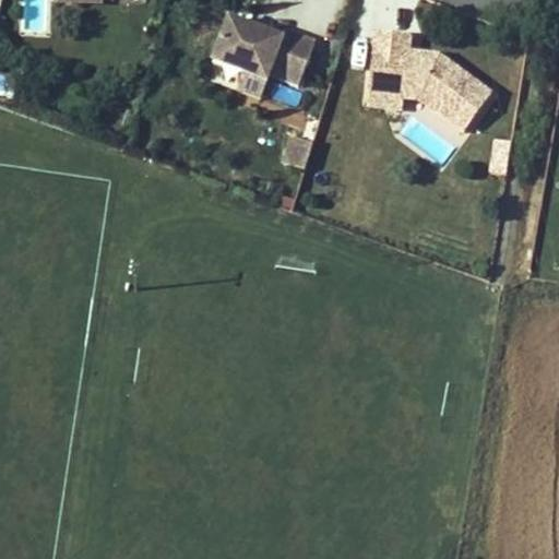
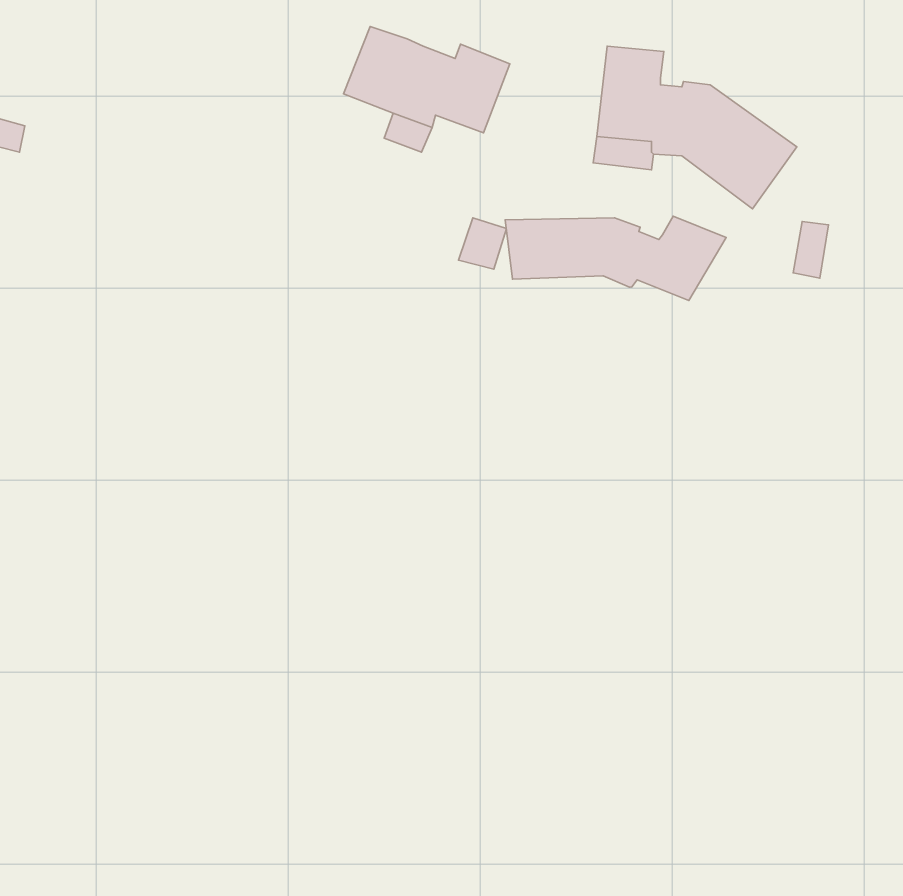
building: none -> [505,216,726,301]

